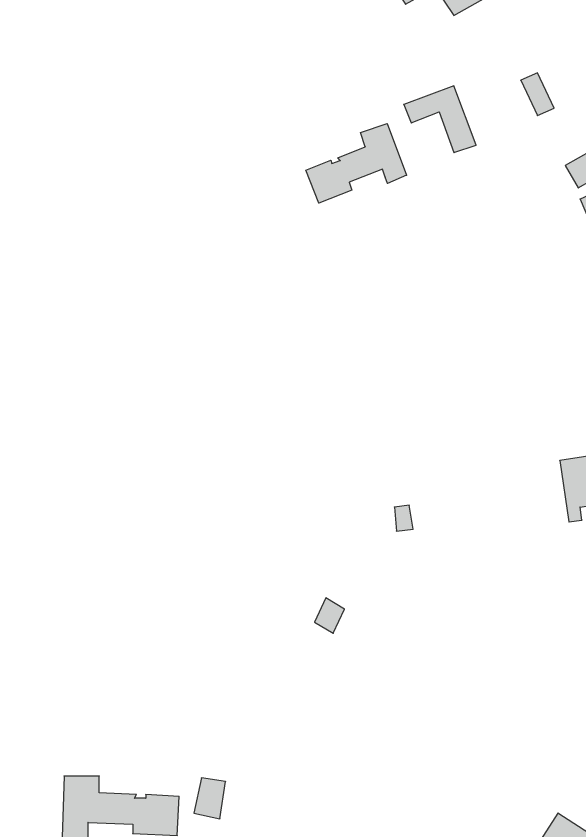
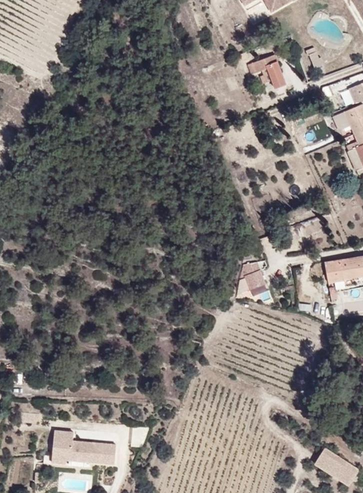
building: [306,124,407,203] -> none
building: none -> [243,259,266,287]

